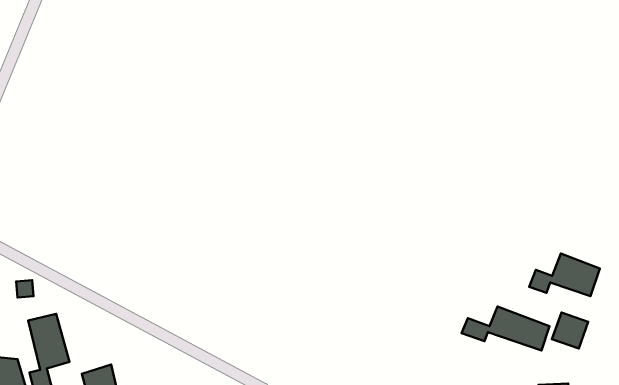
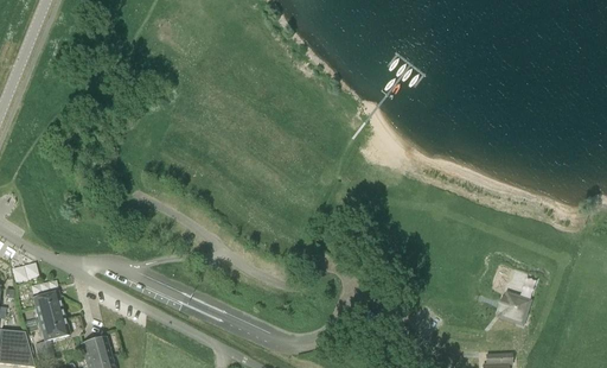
building: [529,254,600,296] -> none
building: [461,307,550,350] -> none

